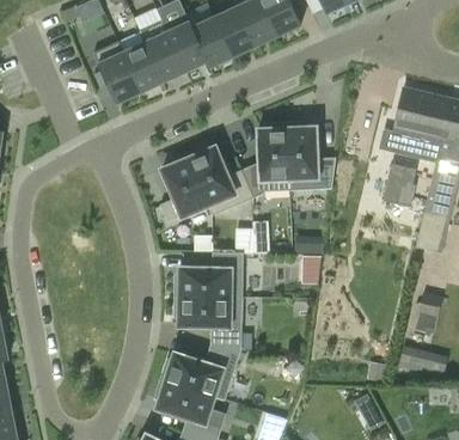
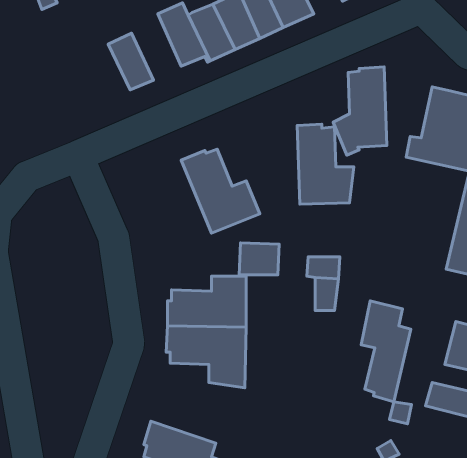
building: [137,20,185,82] -> none
building: [92,41,141,103] -> none
building: [241,122,288,198] -> [333,67,387,155]
building: [158,152,208,221] -> none
building: [382,165,418,207] -> none
building: none -> [361,301,411,402]
building: [159,344,240,399] -> none

